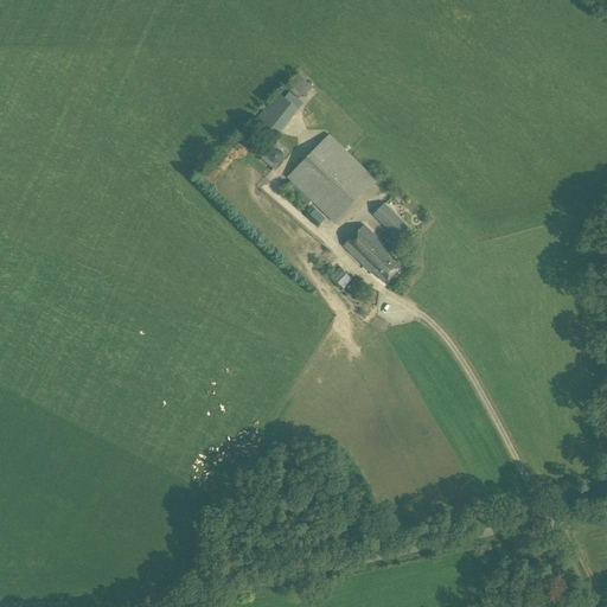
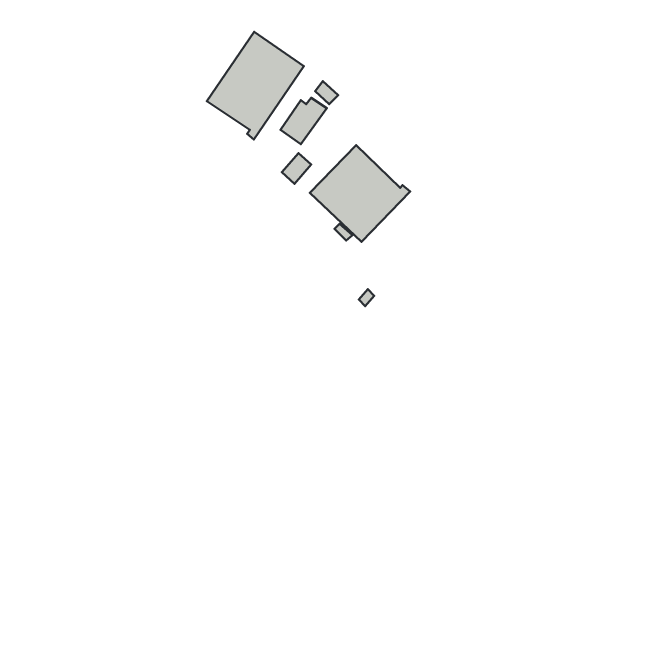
building: none -> [207,32,304,139]
building: [343,204,410,282] -> none

